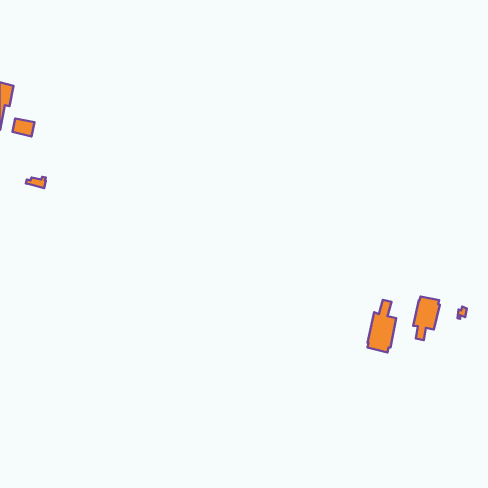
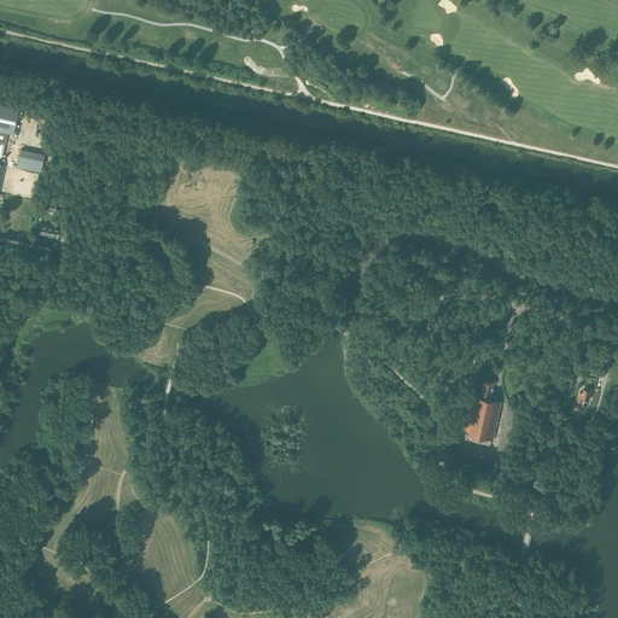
building: [413,296,440,340] -> none

